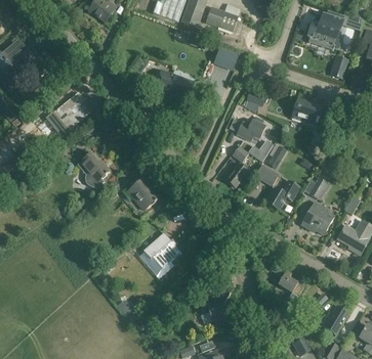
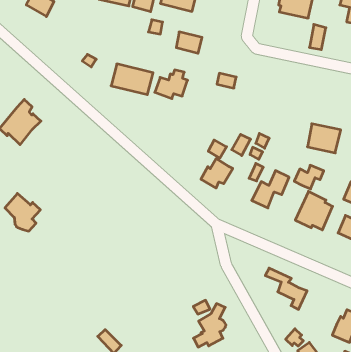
building: [291,97,322,125] -> [307,124,341,153]
building: [236,116,265,140] -> [155,70,188,99]
building: [78,153,109,187] -> [5,193,40,231]
building: [128,177,159,210] -> none
building: [142,232,179,267] -> none

